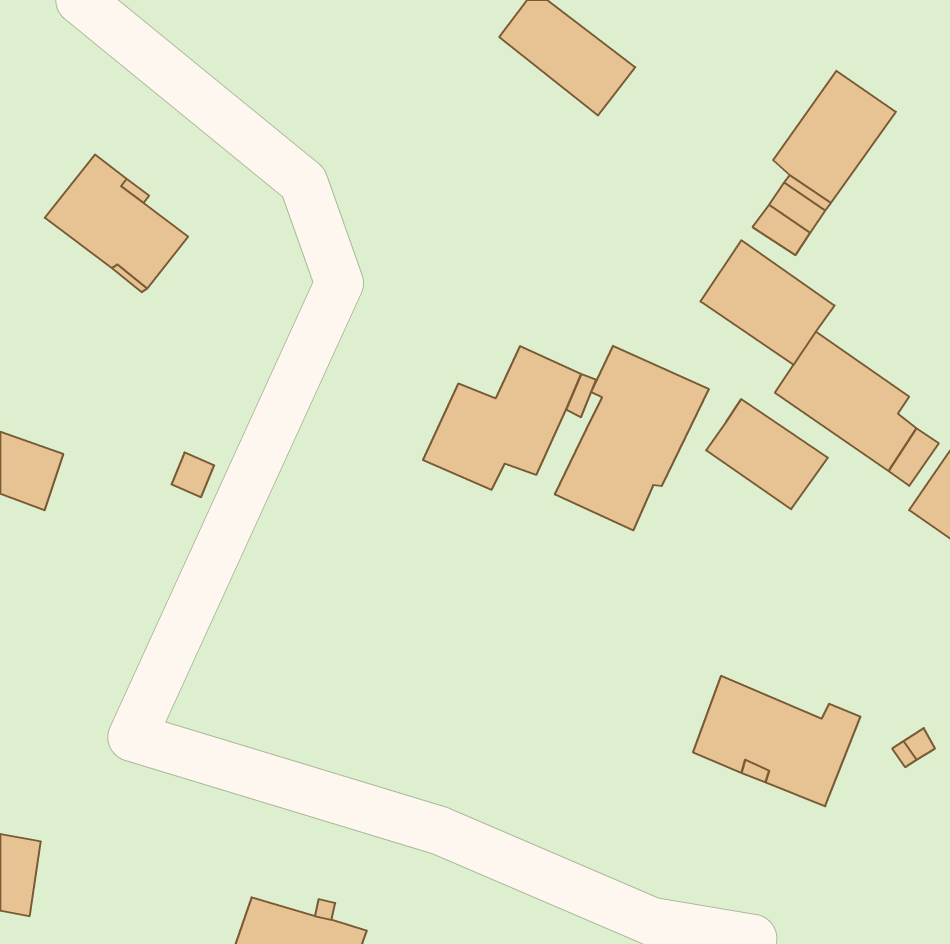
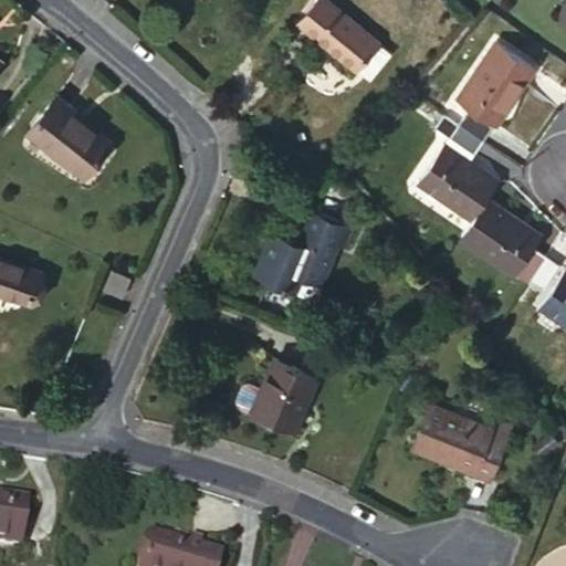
building: [555,346,709,530] -> none
building: [706,399,828,509] -> none
building: none -> [251,365,316,433]

